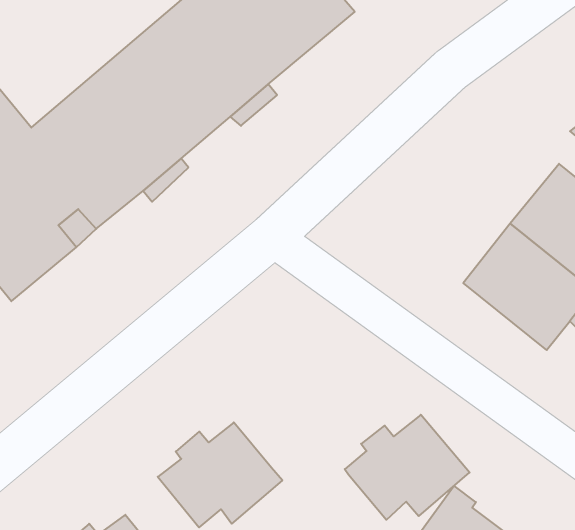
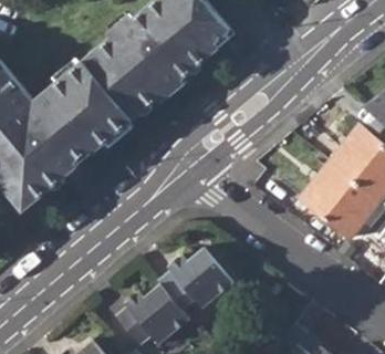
building: [345,415,470,520] -> [157,247,233,311]

